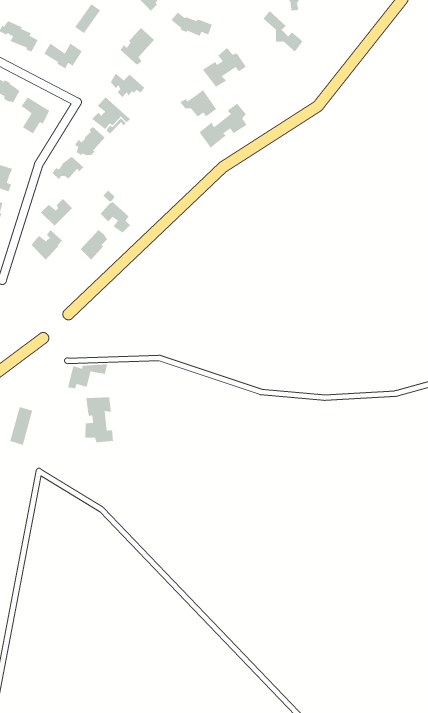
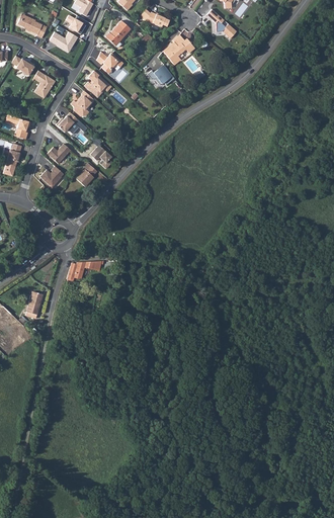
building: [199,102,248,149] -> none
building: [85,396,114,443] -> none

